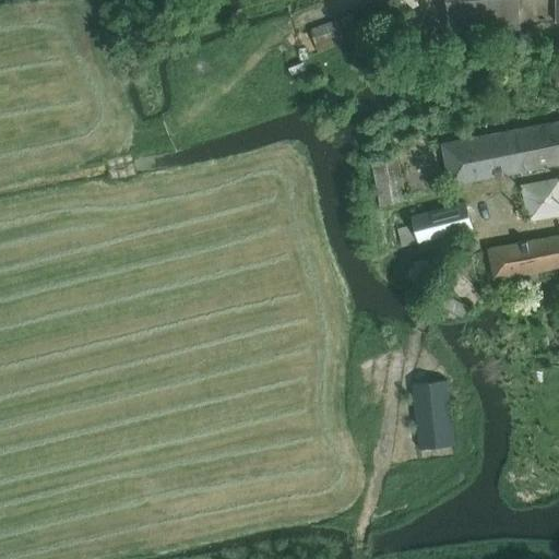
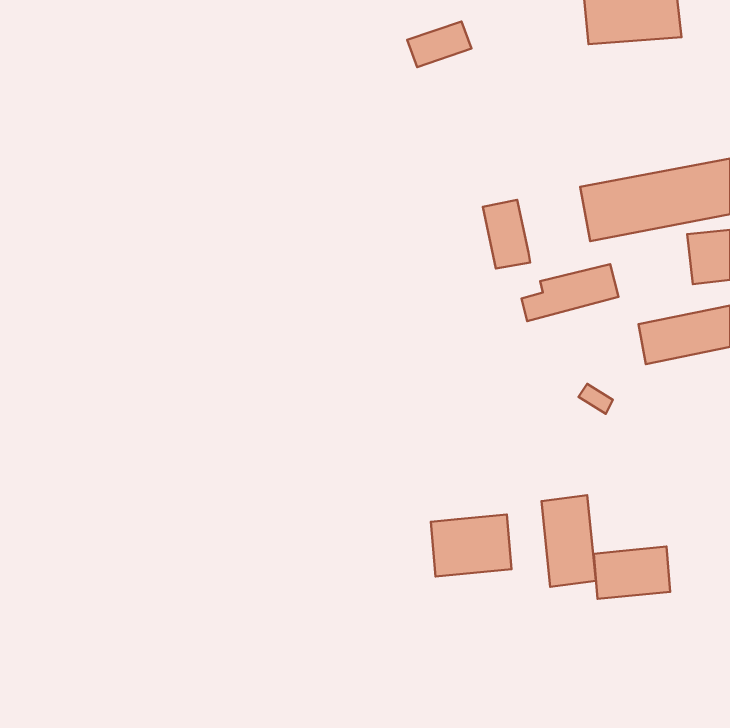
building: none -> [431,514,511,577]
building: none -> [594,547,670,599]

